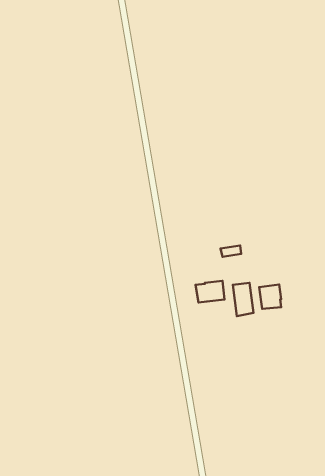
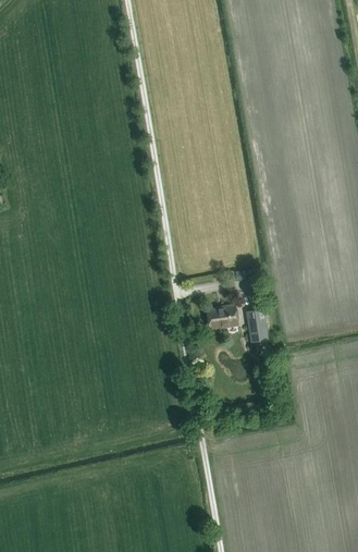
building: [259,284,281,309] -> none

